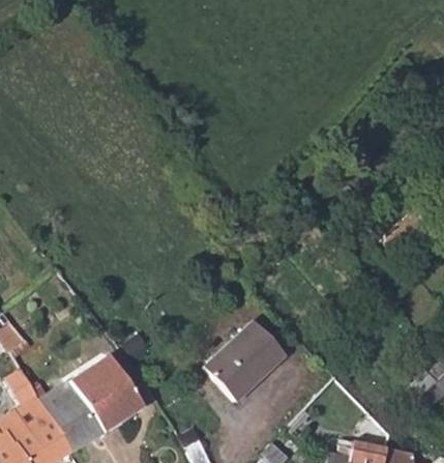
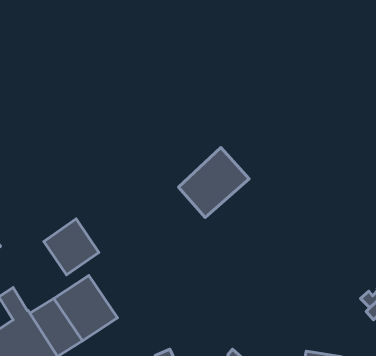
building: none -> [44,219,99,275]
building: [199,314,278,393] -> [178,147,249,218]

